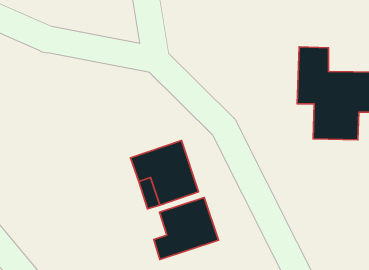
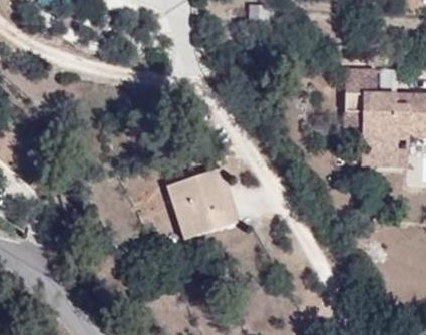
building: [154,198,218,260] -> none

